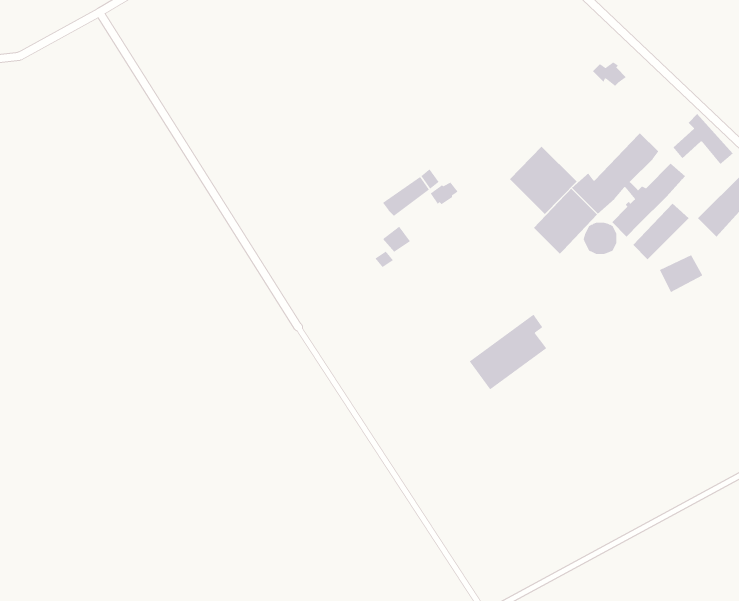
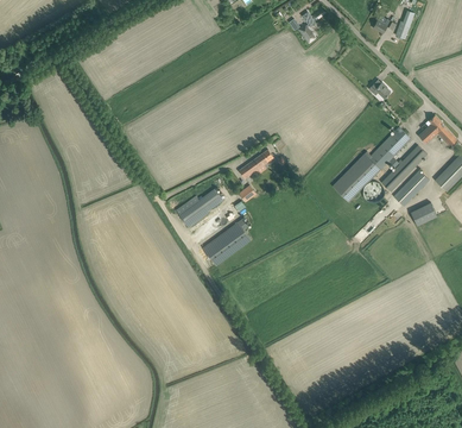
building: [509,146,577,215] -> none
building: none -> [176,188,223,227]
building: [469,314,547,390] -> [203,218,252,265]

